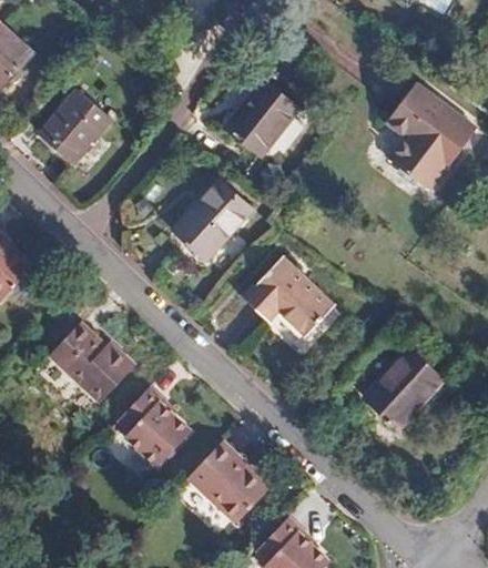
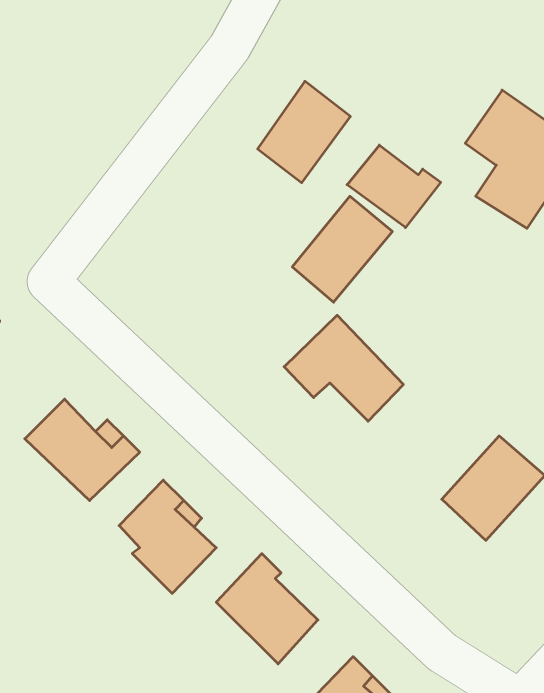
building: [43,89,114,161] -> none
building: none -> [347,145,441,228]
building: [173,185,248,265] -> [292,196,392,302]

